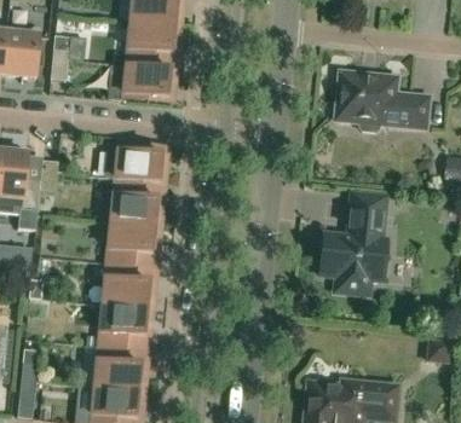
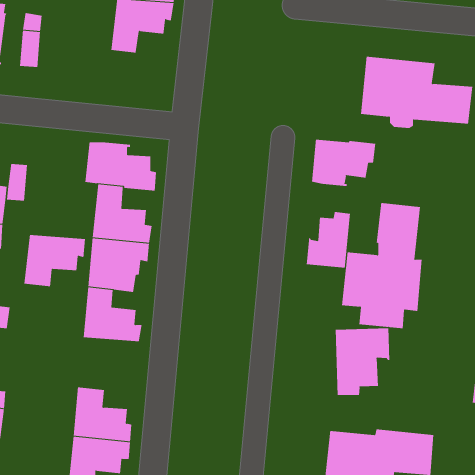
building: [125,65,175,98] -> none
building: none -> [311,139,376,187]
building: none -> [306,211,351,269]
building: none -> [335,327,390,396]
building: [99,305,151,348] -> [23,234,86,287]

